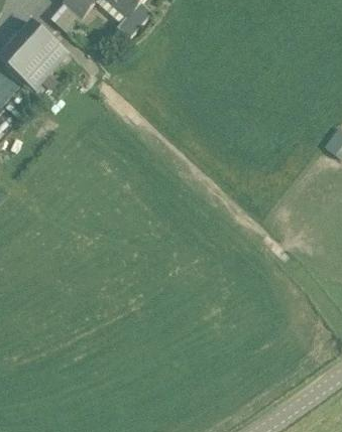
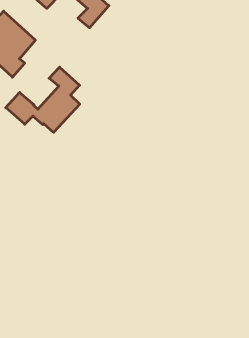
building: none -> [6,67,80,132]

